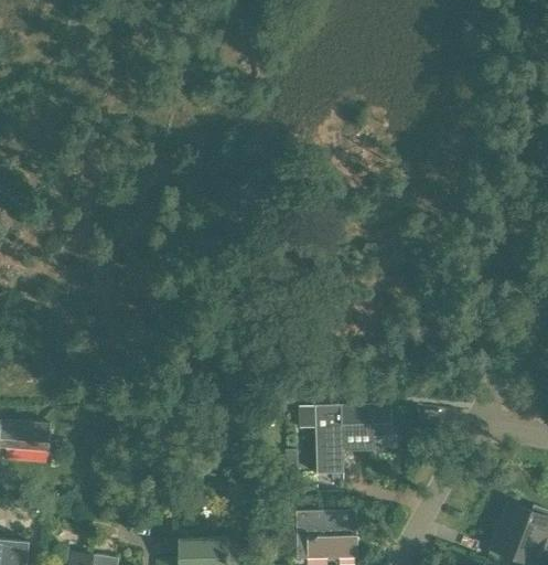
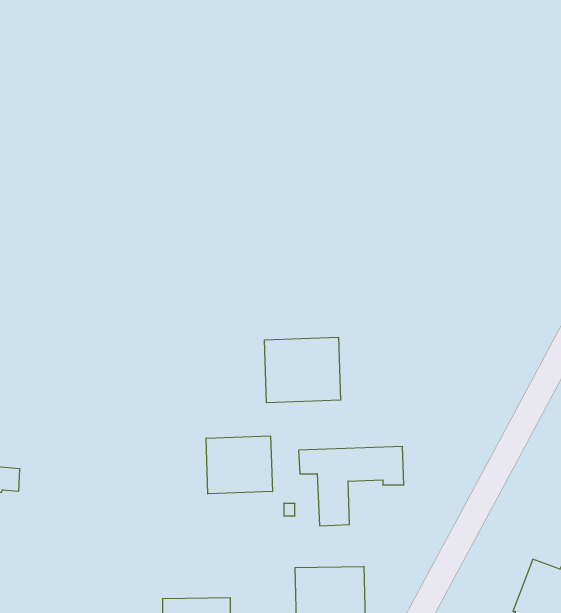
building: none -> [265,337,340,403]
building: none -> [206,436,272,494]

